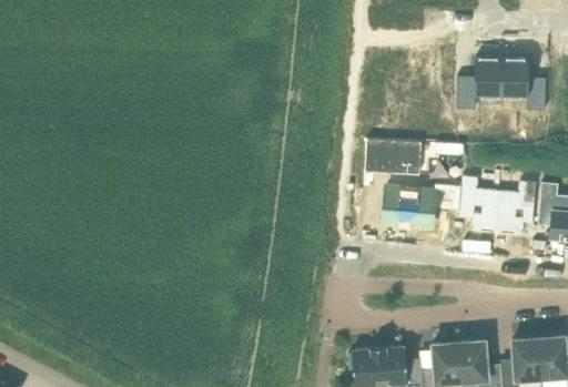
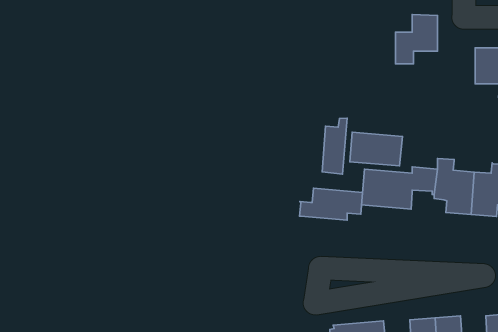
building: [457,57,501,109] -> [395,14,438,64]
building: none -> [322,118,347,174]
building: none -> [299,188,362,220]

